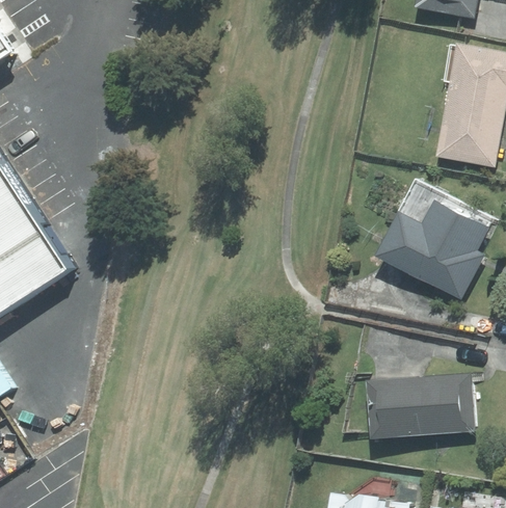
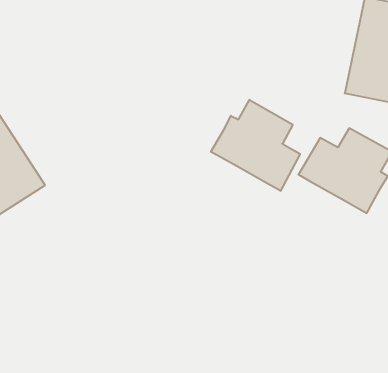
building: none -> [211,100,300,191]
building: [369,373,473,437] -> none

